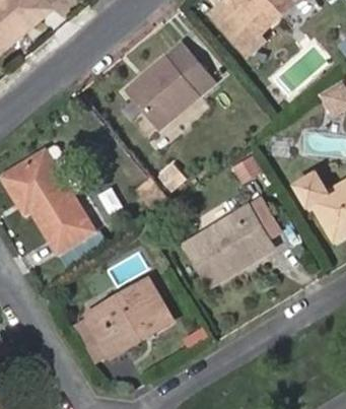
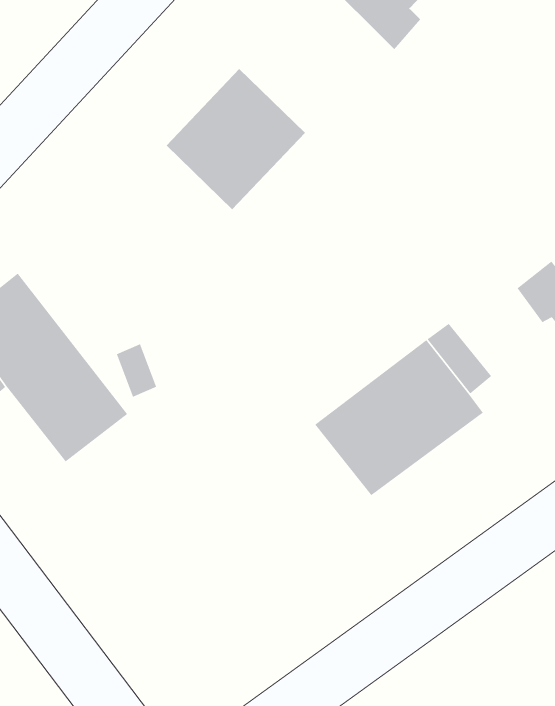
building: [166,46,213,95] -> none
building: [87,280,170,355] -> none

